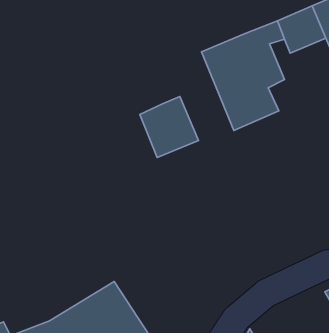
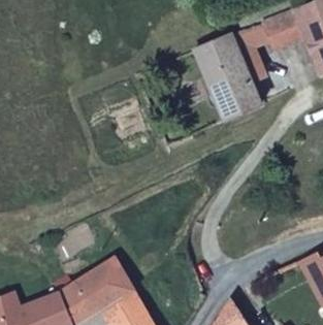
building: [140,97,198,158] -> none

